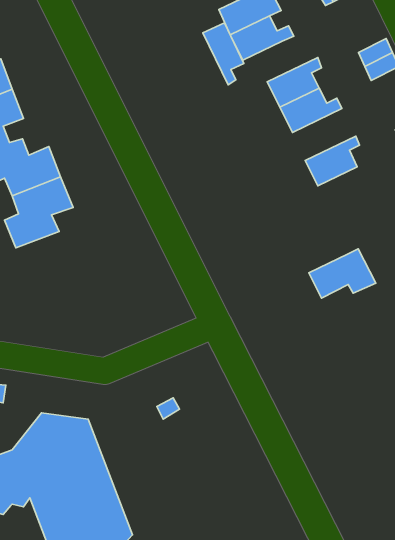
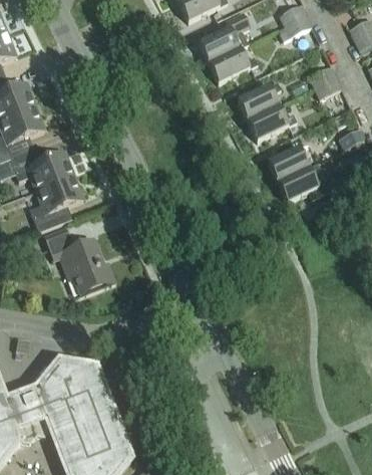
building: [203,23,244,85] -> none
building: none -> [43,226,115,294]
building: [309,249,376,298] -> [277,162,330,201]

